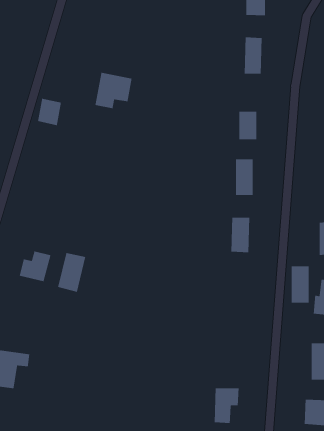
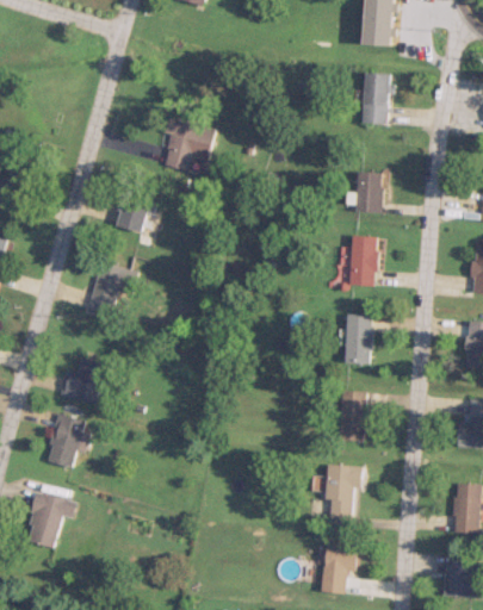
building: [37,98,62,126] -> [113,193,147,231]
building: none -> [87,262,134,315]
building: [57,252,86,293] -> [44,413,83,468]
building: [291,265,309,303] -> [341,391,366,442]
building: none -> [324,465,363,517]

